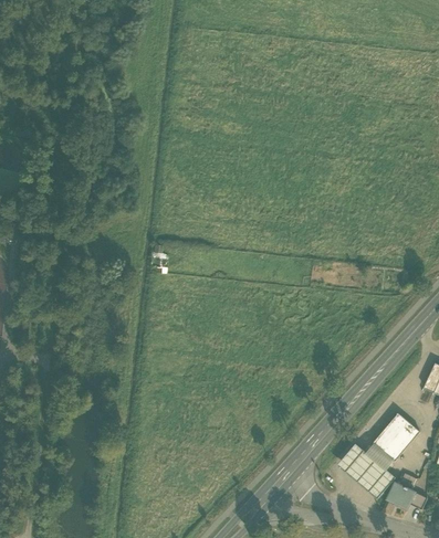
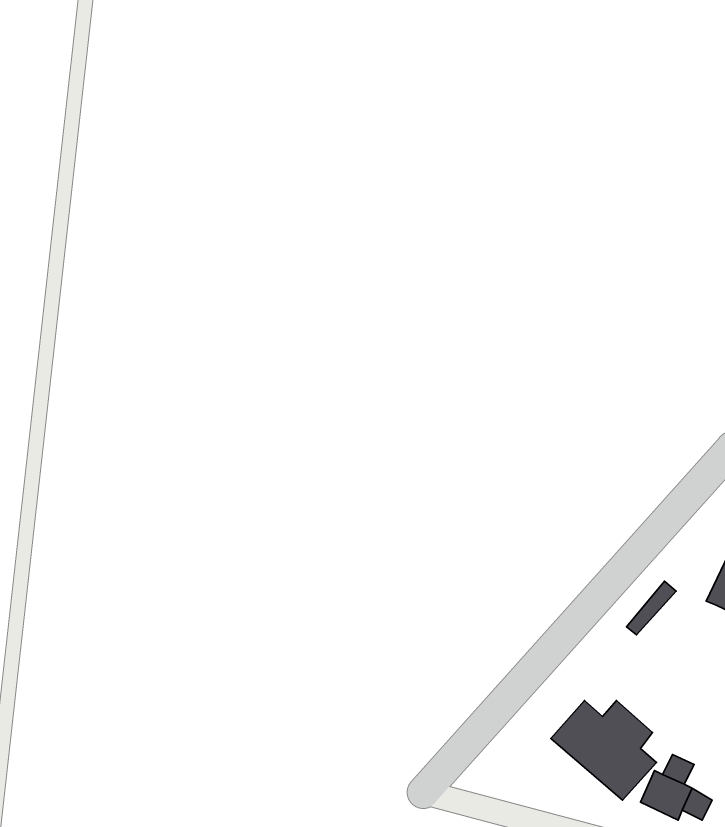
building: [372,412,419,460] -> none

